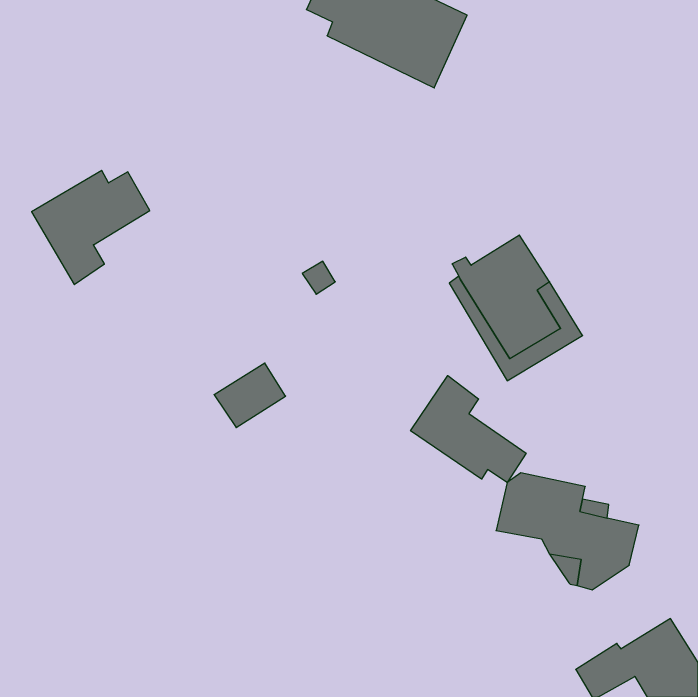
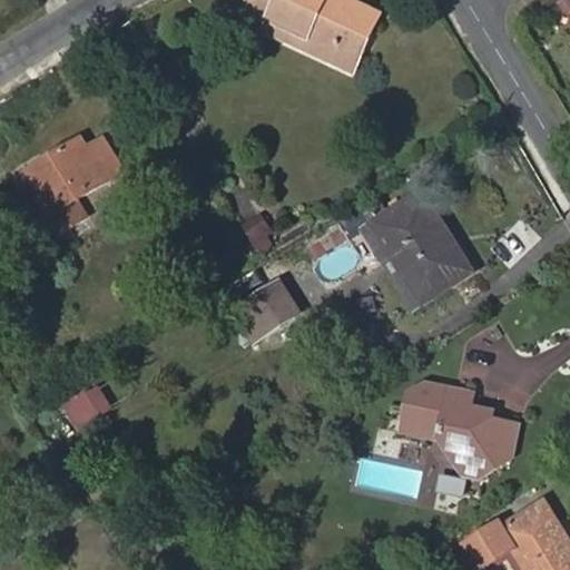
building: [214,363,286,428] -> [237,285,295,337]
building: [411,376,526,483] -> none
building: none -> [67,383,115,420]

